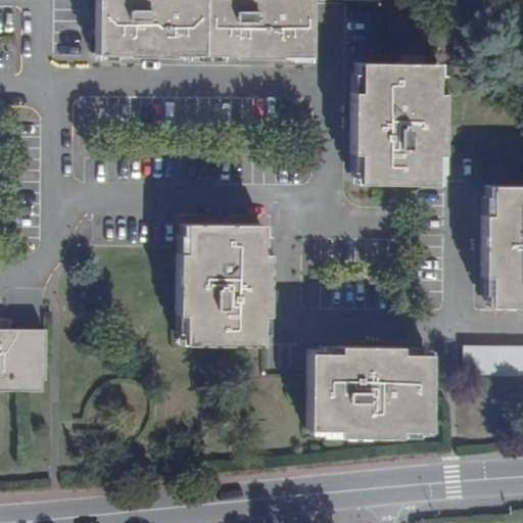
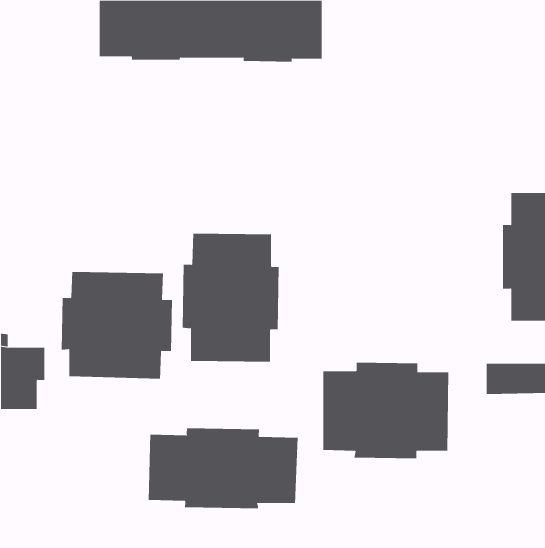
building: [351,63,443,186] -> none
building: none -> [61,271,172,380]
building: none -> [148,428,298,509]

